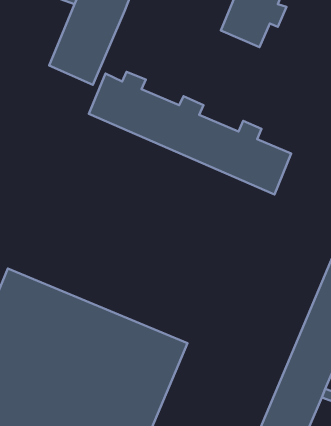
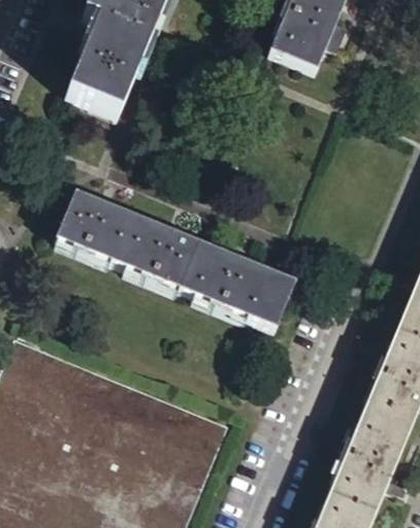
building: [89,72,291,195] -> [54,190,292,334]

